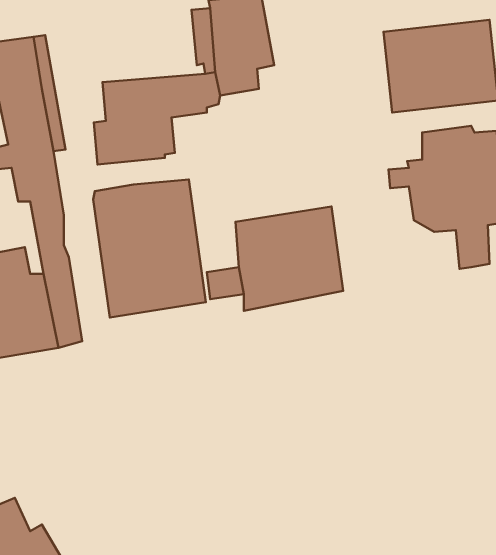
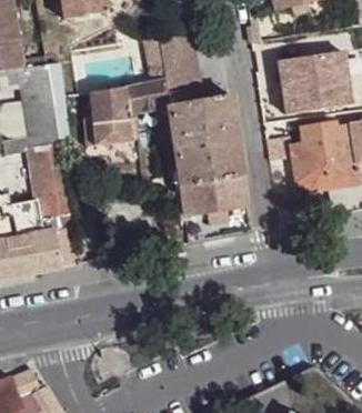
building: [93,179,206,317] -> [165,93,240,184]

